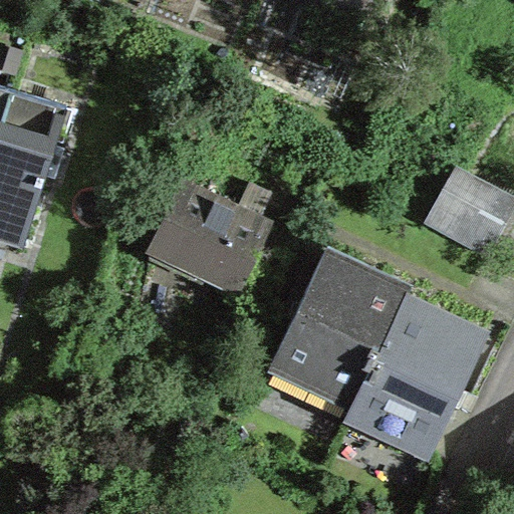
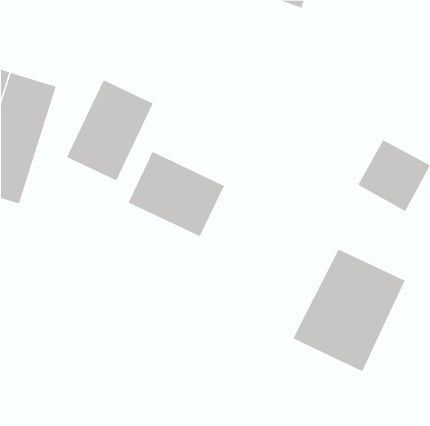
building: none -> [66,79,154,181]
building: [272,253,409,400] -> none

